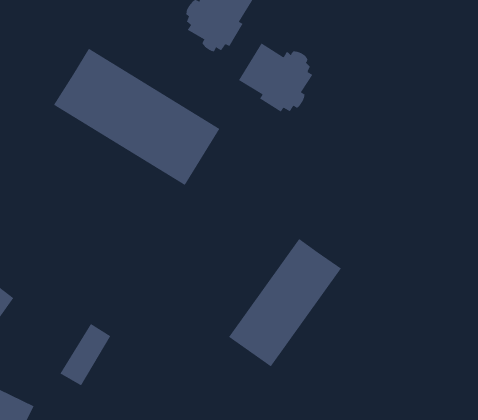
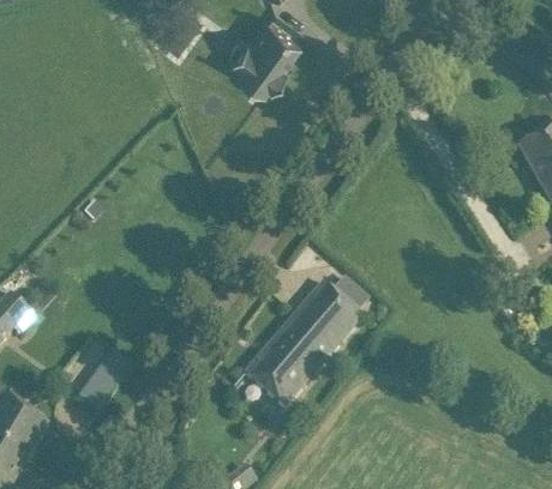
building: [238,43,313,113] -> none
building: [53,48,220,186] -> none

